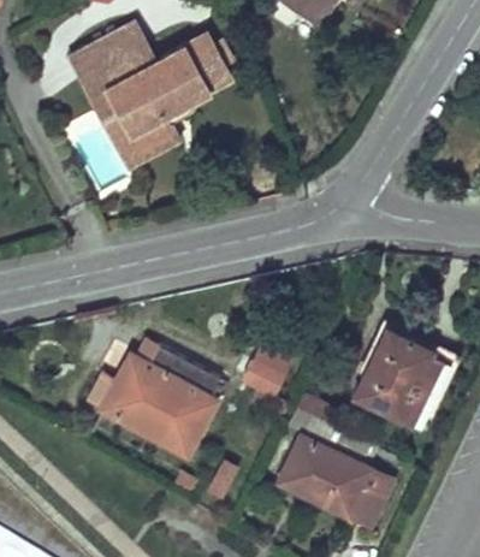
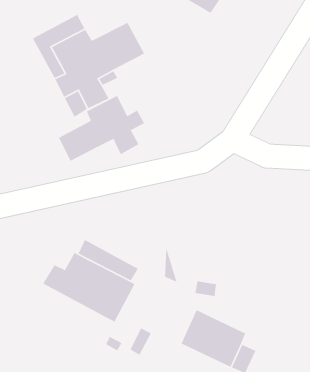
building: none -> [58,95,145,162]
building: [354,327,434,420] -> none

